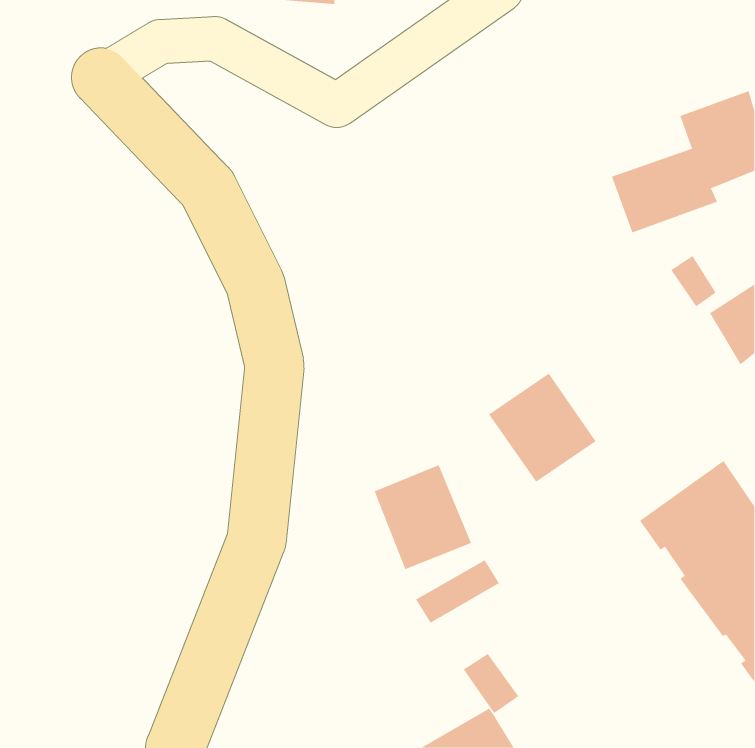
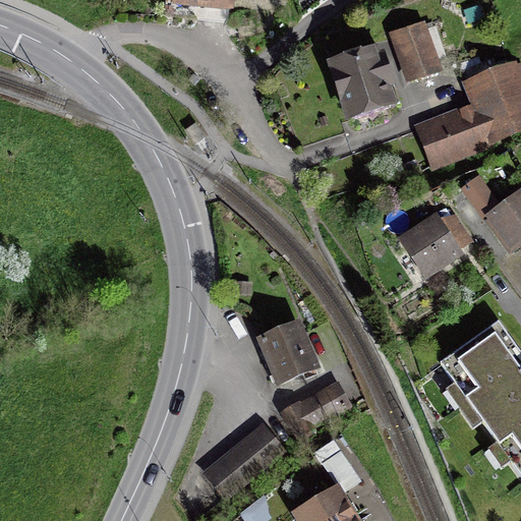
building: none -> [397,21,444,74]
building: none -> [333,46,403,119]
building: [488,373,596,483] -> [391,213,465,288]
building: none -> [196,420,284,502]

